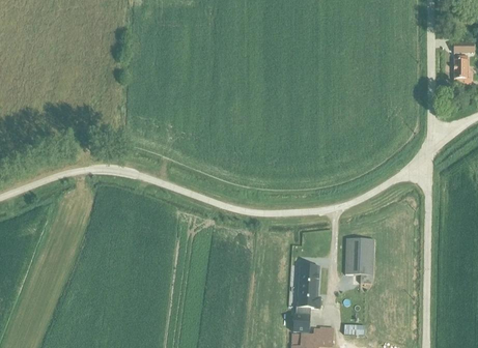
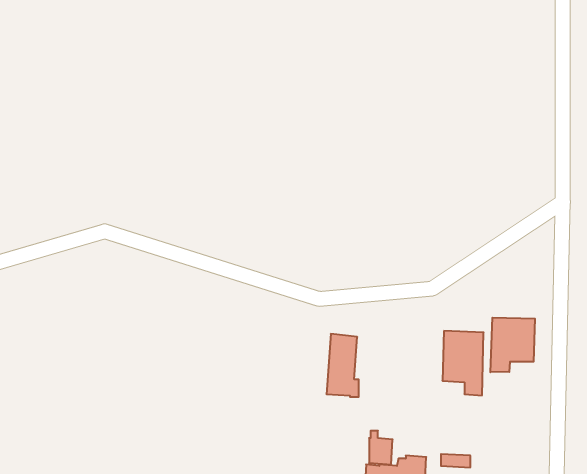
building: none -> [490,318,535,372]
building: [298,262,320,307] -> [326,334,359,397]

